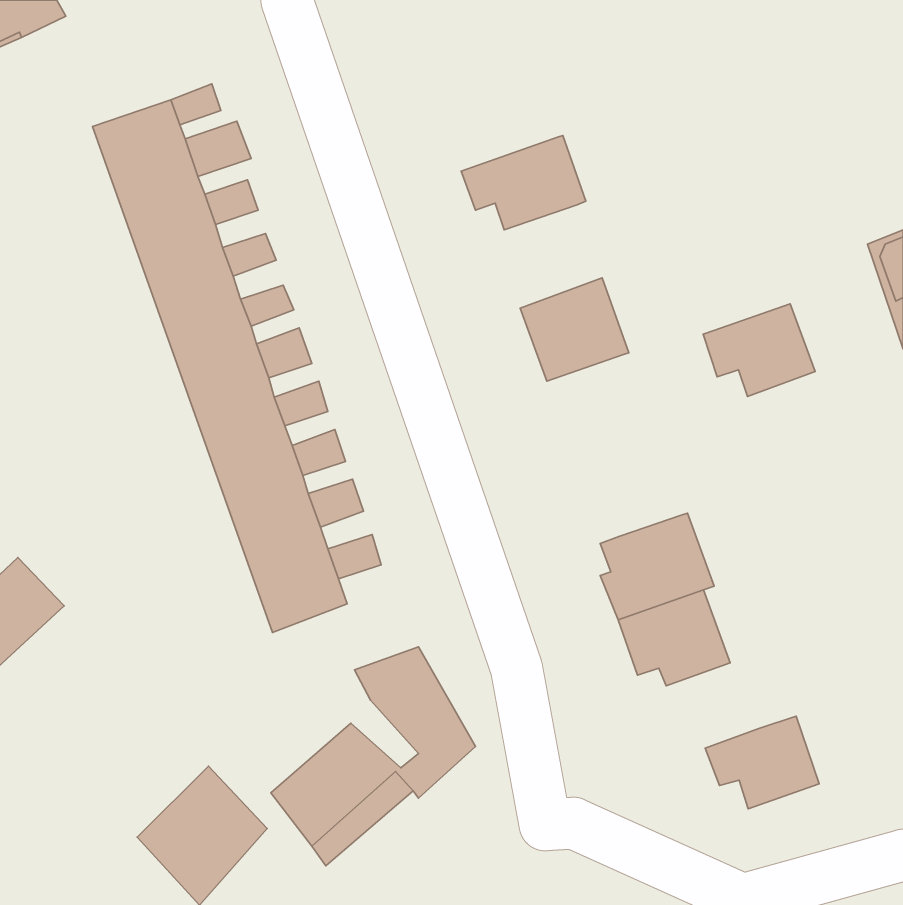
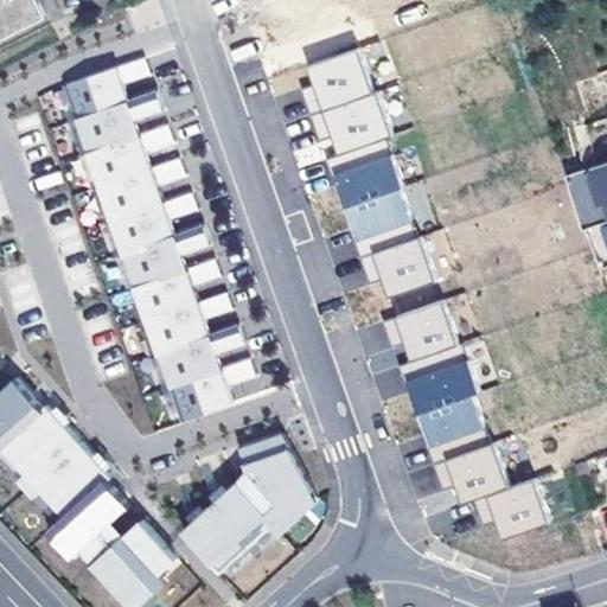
building: none -> [298,50,371,117]
building: none -> [322,140,401,209]
building: [703,304,815,396] -> [357,239,432,301]
building: none -> [383,301,454,360]
building: none -> [11,416,130,556]
building: none -> [428,443,505,506]

